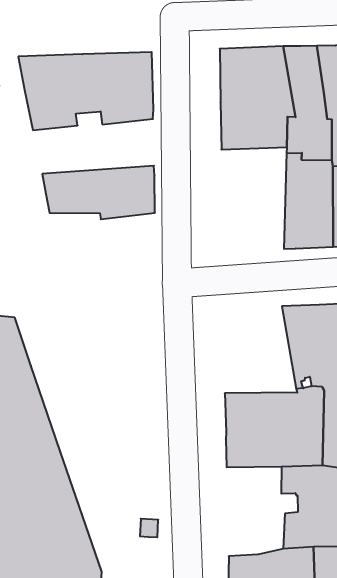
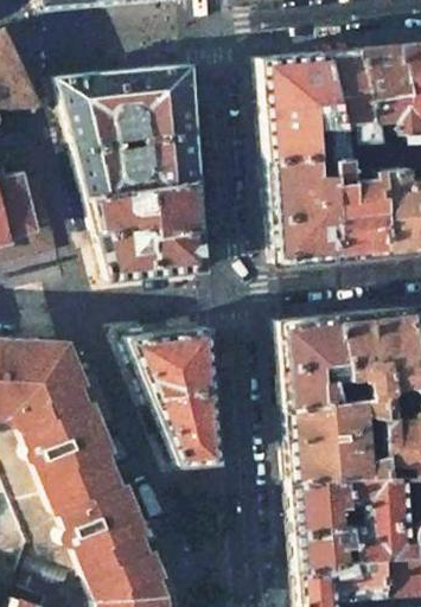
building: none -> [76,133,200,194]
building: none -> [268,154,337,264]
building: none -> [97,228,208,280]
building: none -> [279,315,358,407]
building: none -> [128,327,221,466]
building: none -> [291,478,352,571]

